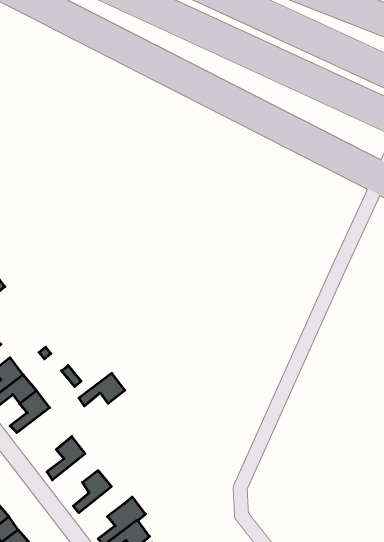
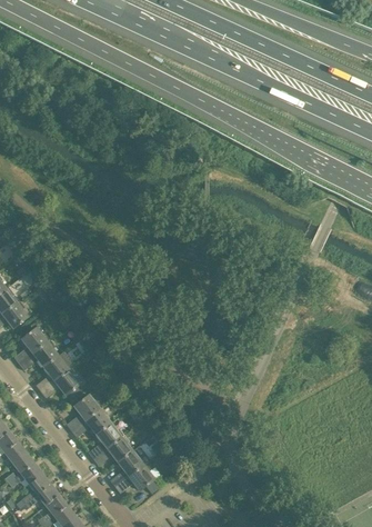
building: [79,373,125,406] -> [41,369,80,397]
building: none -> [71,408,110,436]
building: none -> [93,436,132,464]

